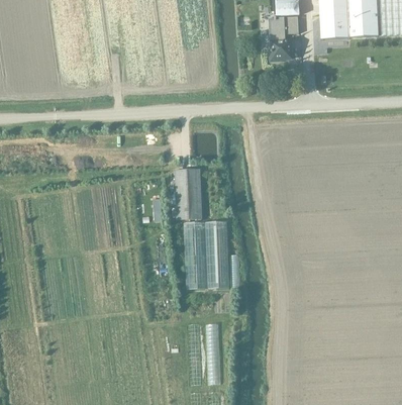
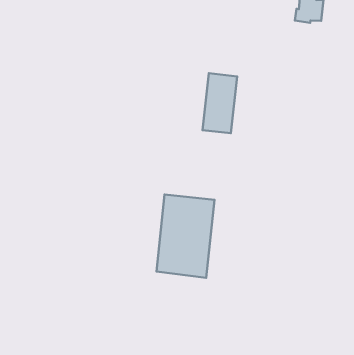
building: [175,168,201,217] -> [203,73,237,133]

